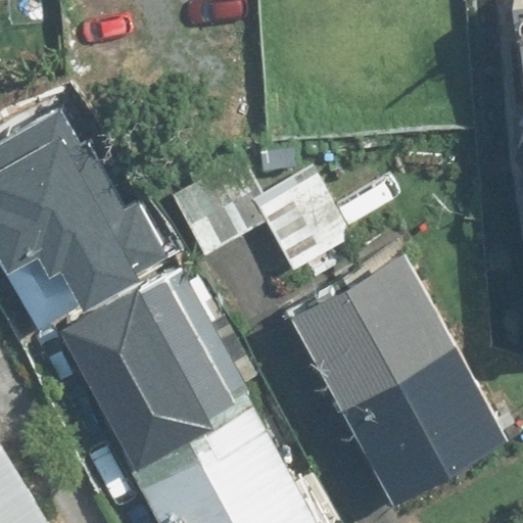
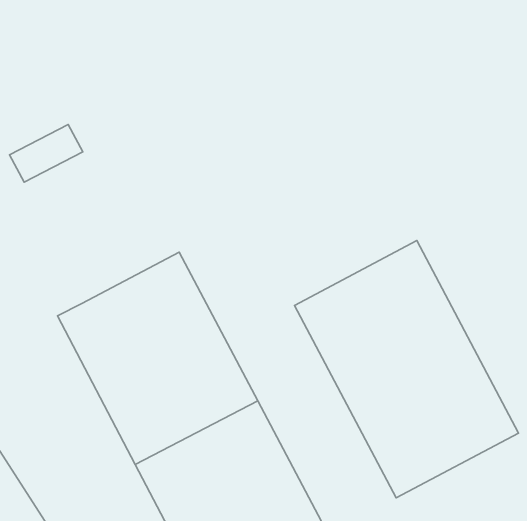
building: [167,160,350,287] -> none
building: [41,185,175,310] -> none

